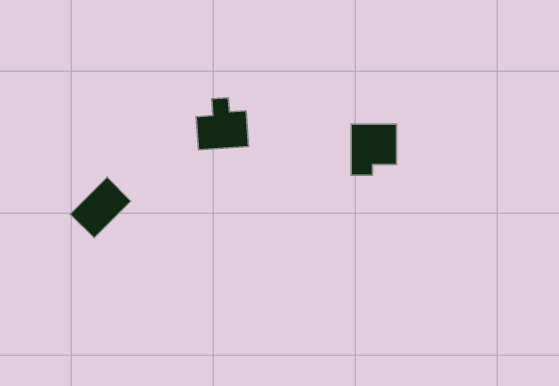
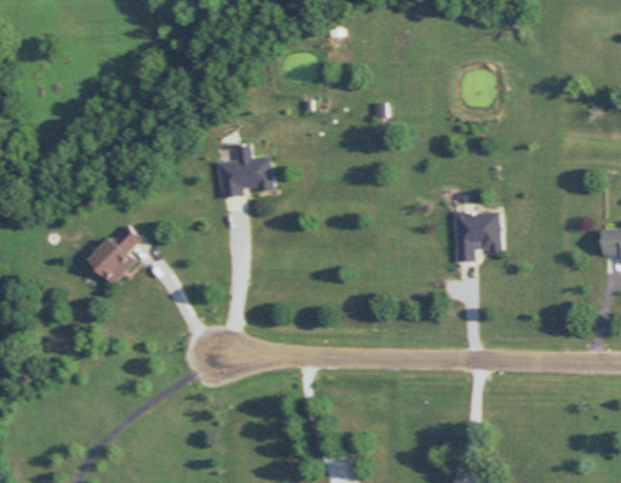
building: [351,124,396,175] -> [451,210,497,262]

